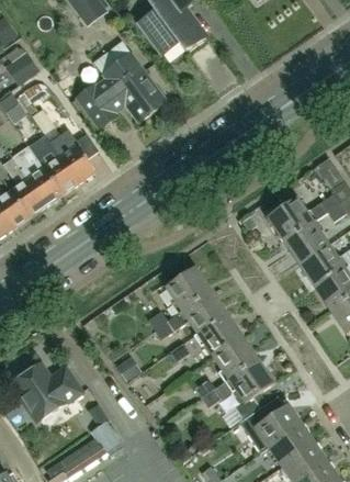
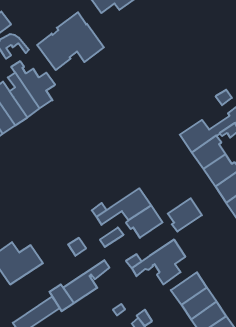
building: [166,267,212,313] -> none
building: [213,337,259,382] -> [168,198,202,232]
building: none -> [63,260,109,303]

